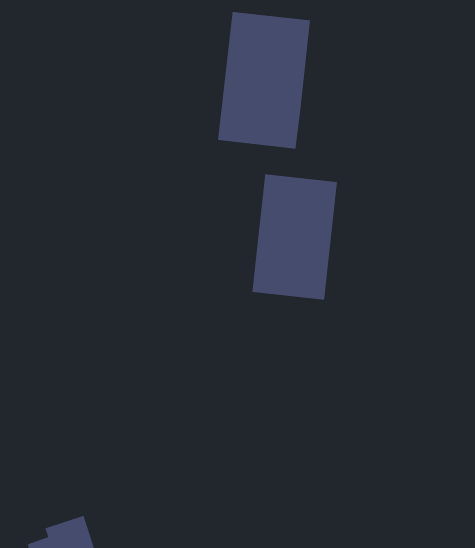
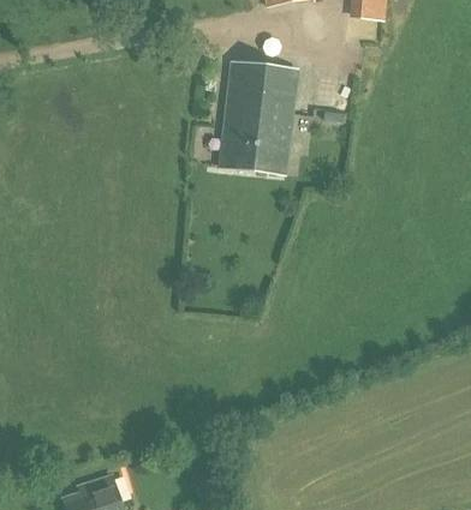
building: [252,173,338,300] -> none

